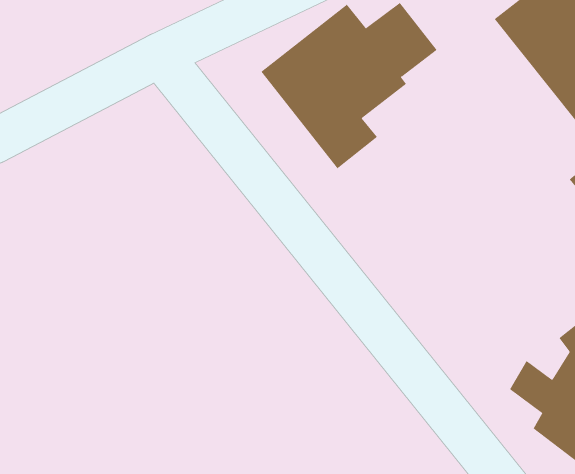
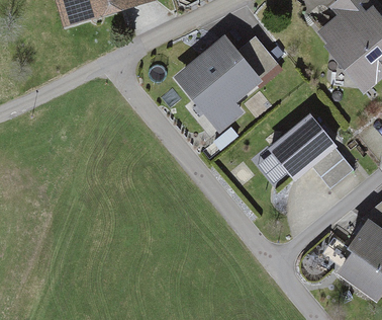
building: none -> [256,113,358,190]

